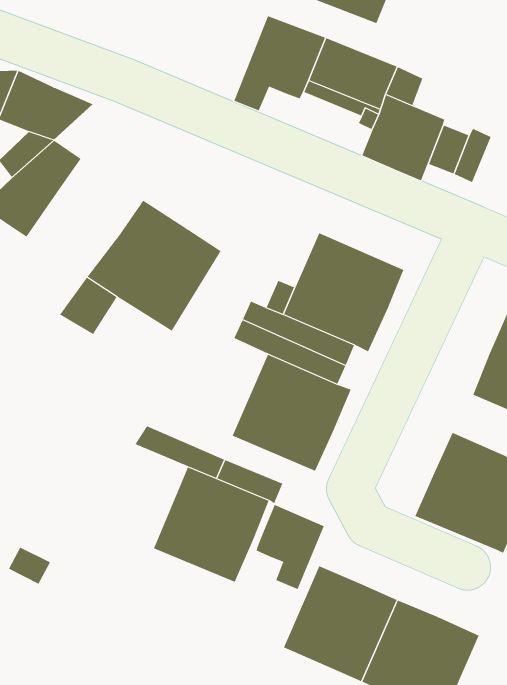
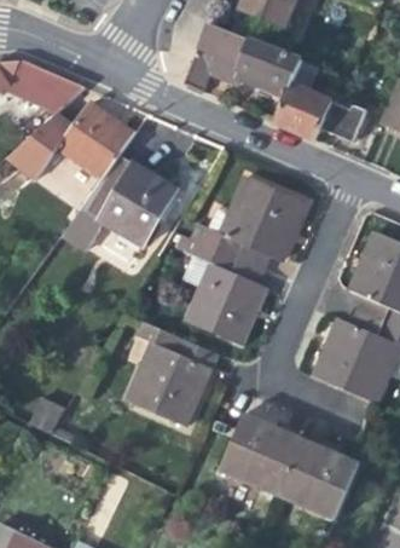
building: none -> [60,103,135,178]
building: [256,504,325,590] -> none

